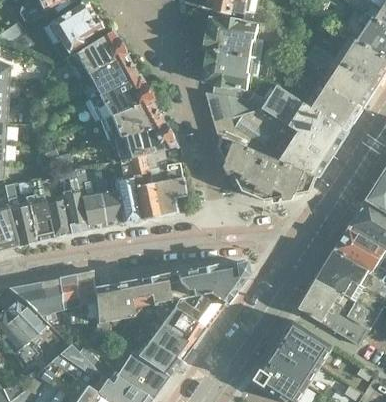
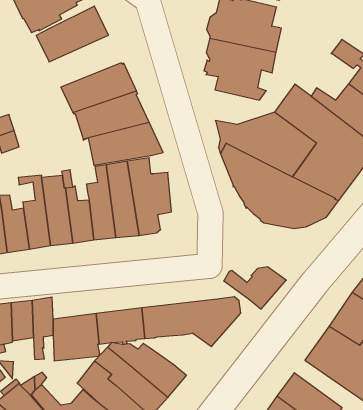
building: [75,53,134,98] -> none
building: [207,91,268,119] -> none
building: [172,292,223,327] -> [224,267,286,309]

